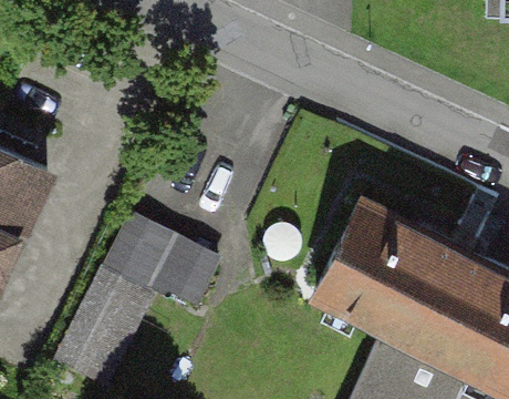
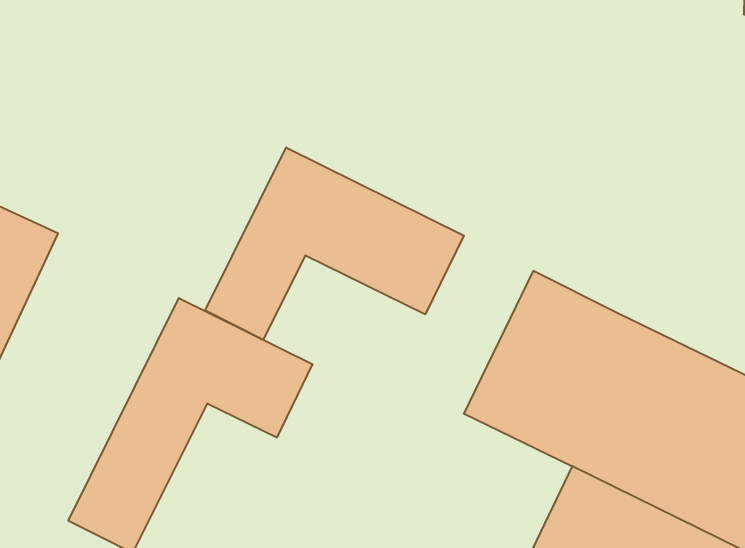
building: none -> [205,147,464,340]

